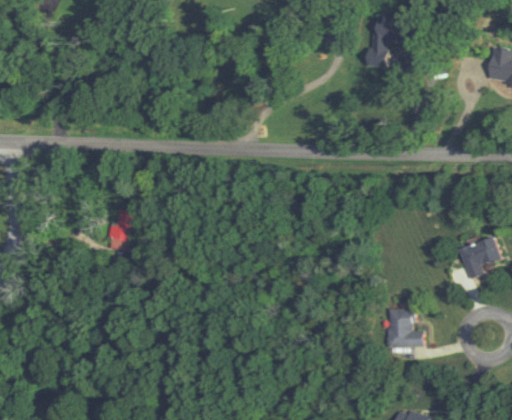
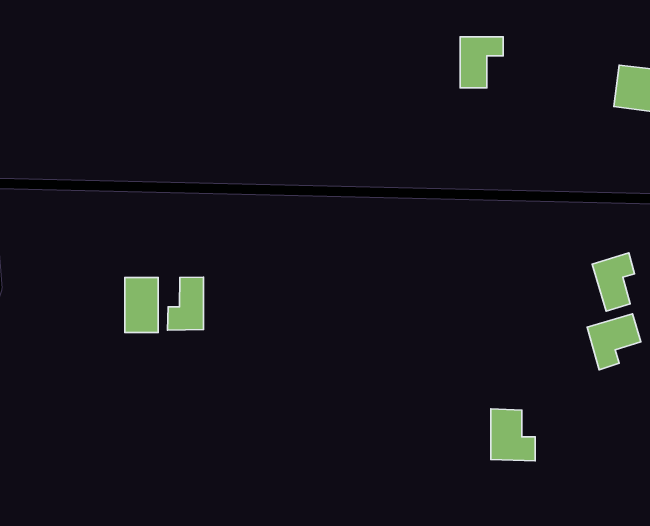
building: none -> [592,253,635,311]
building: none -> [168,277,204,330]

